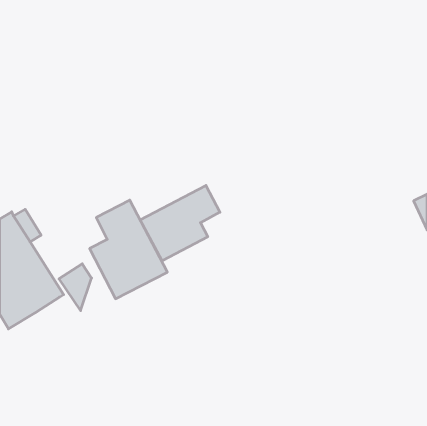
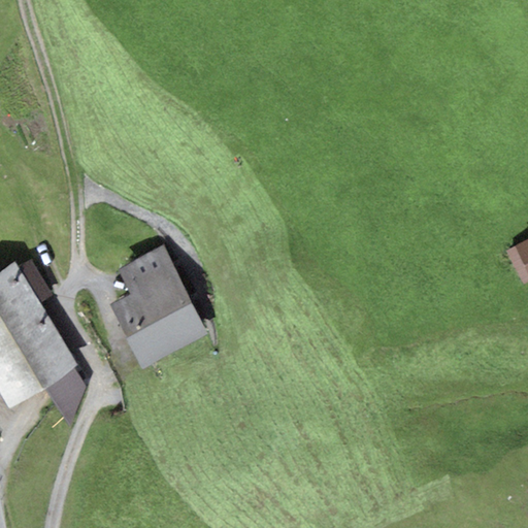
building: [140,185,220,261] -> none
building: [59,264,92,311] -> [44,366,85,424]

